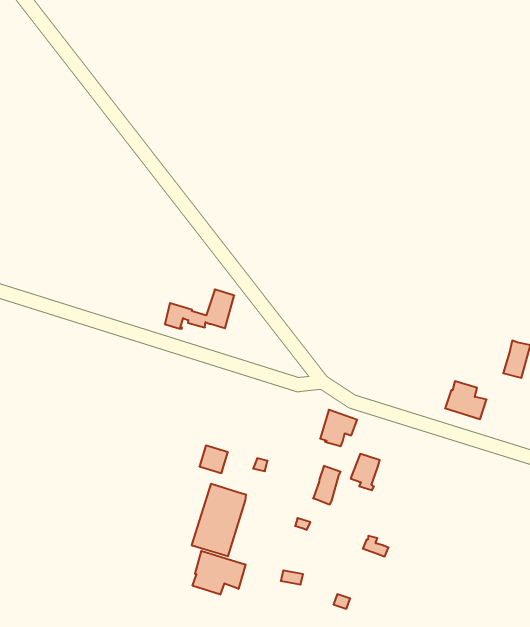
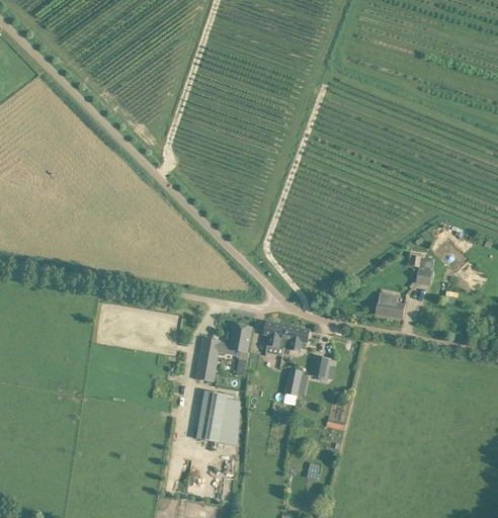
building: [165,289,234,329] -> [201,324,251,356]
building: none -> [264,321,288,347]
building: [193,551,246,595] -> none

